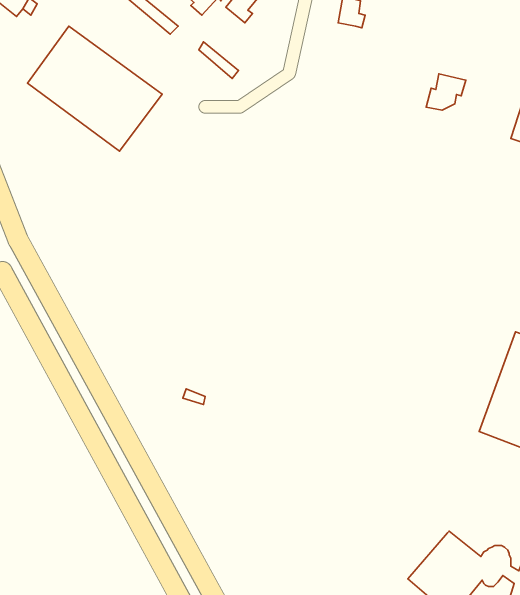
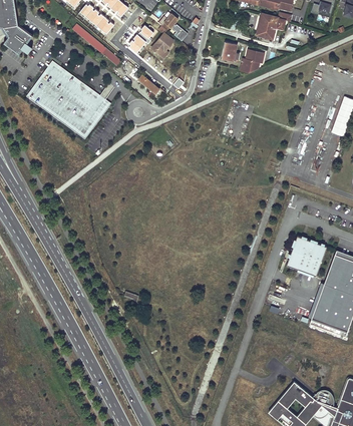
building: [426,74,466,110] -> [240,49,265,72]
building: none -> [286,236,326,276]

